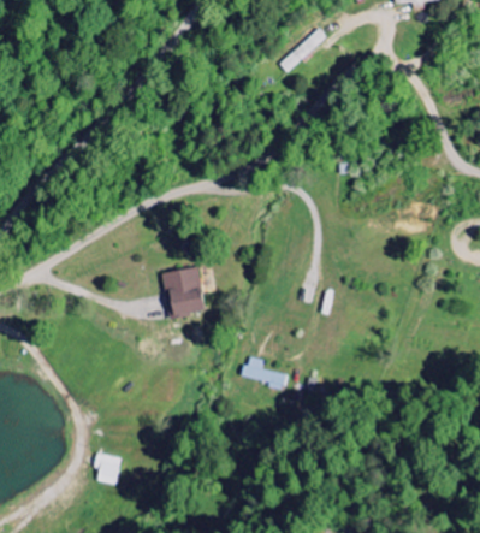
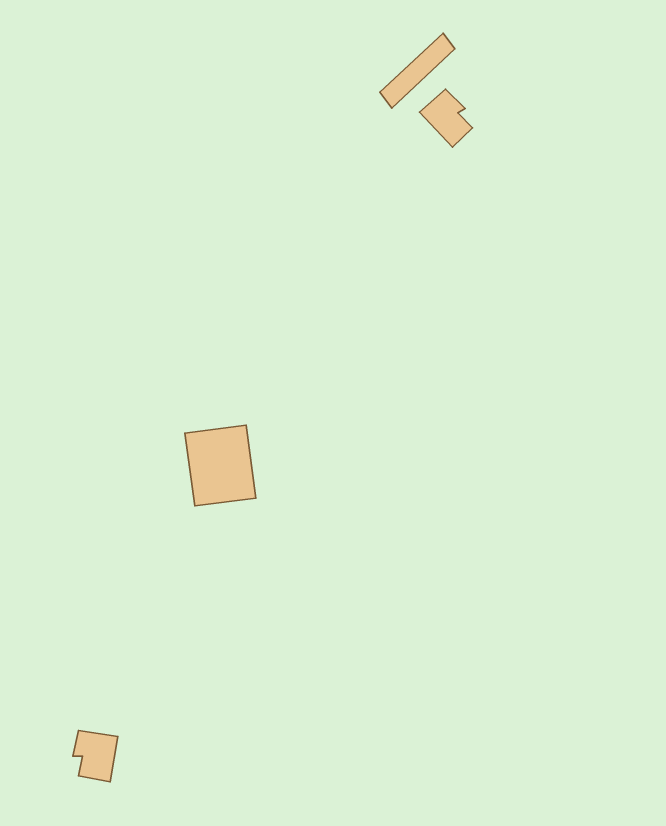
building: none -> [420,89,472,147]
building: [242,356,286,390] -> none

